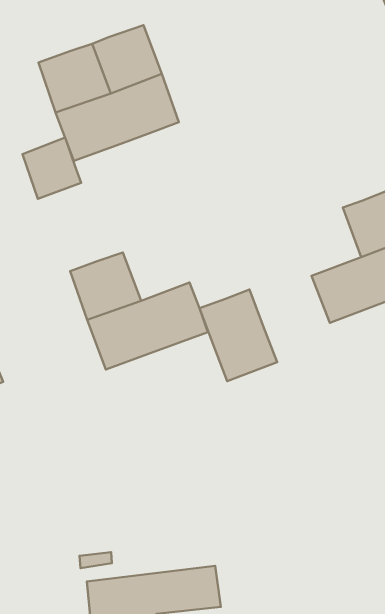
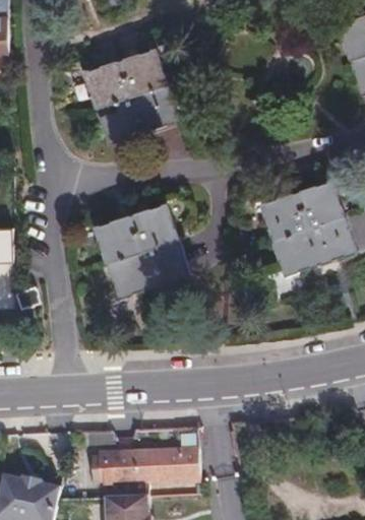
building: [22,137,81,199] -> none
building: none -> [262,191,312,240]
building: none -> [136,202,184,250]
building: [199,289,277,381] -> none

